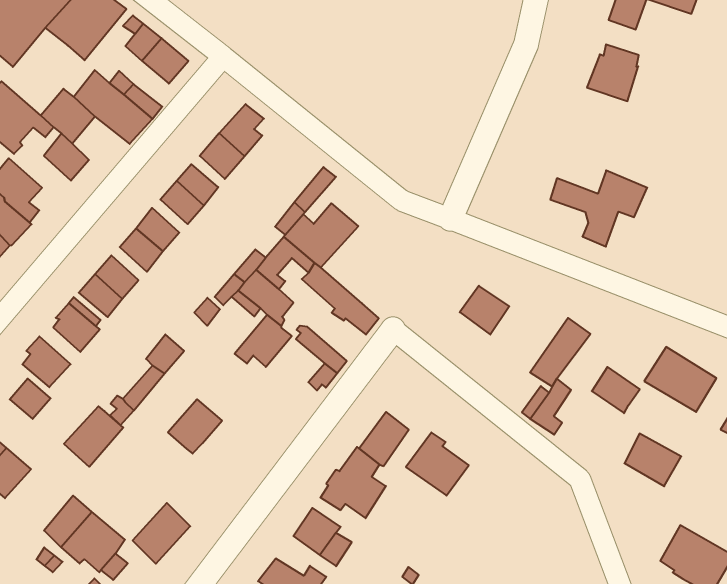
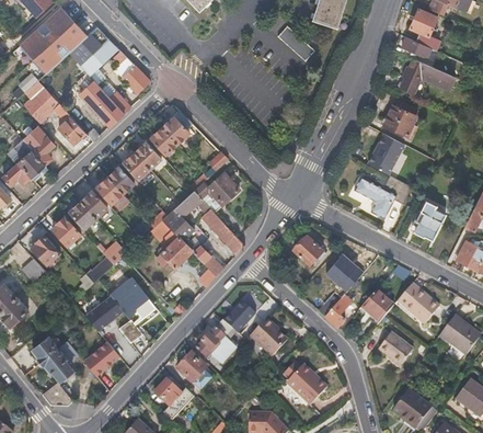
building: none -> [367,133,405,174]
building: none -> [412,201,445,239]
building: [64,406,123,467] -> [85,295,122,330]
building: none -> [285,361,329,403]

